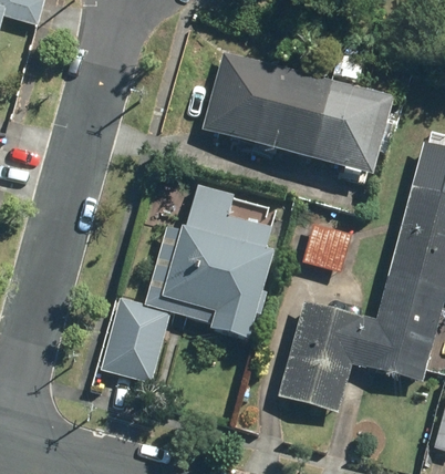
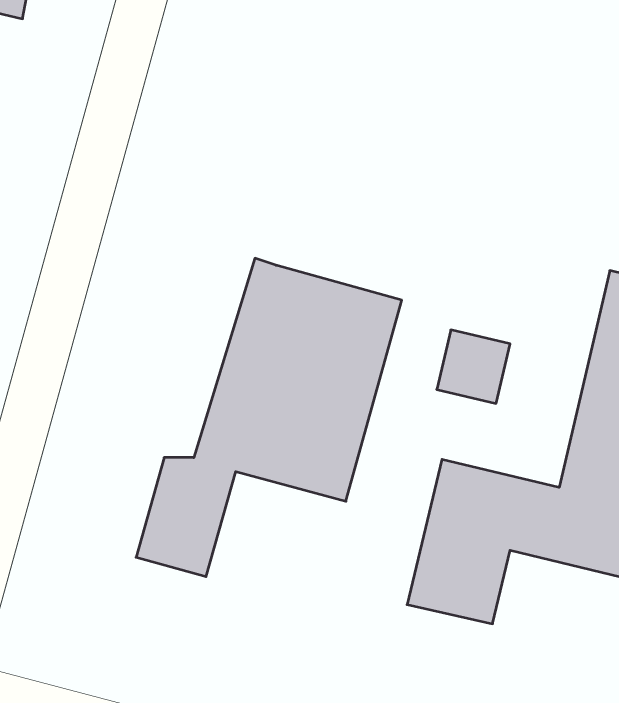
building: [204,53,394,168] -> none

